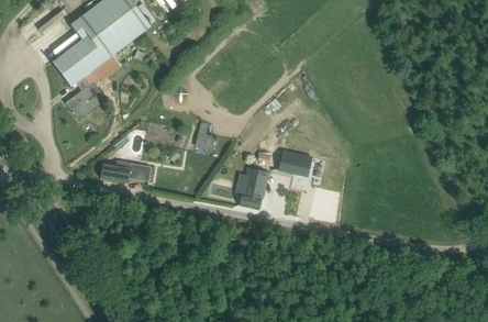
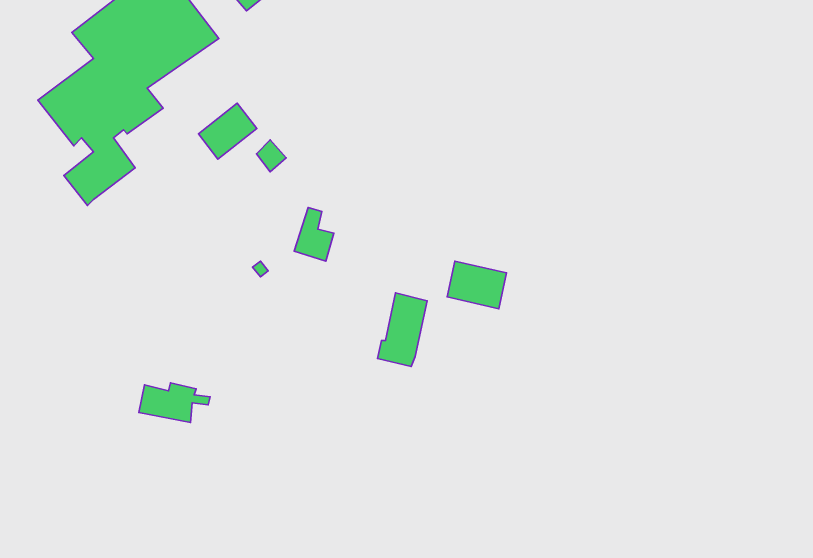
building: none -> [198,103,257,159]
building: [100,160,140,182] -> [139,383,210,423]

